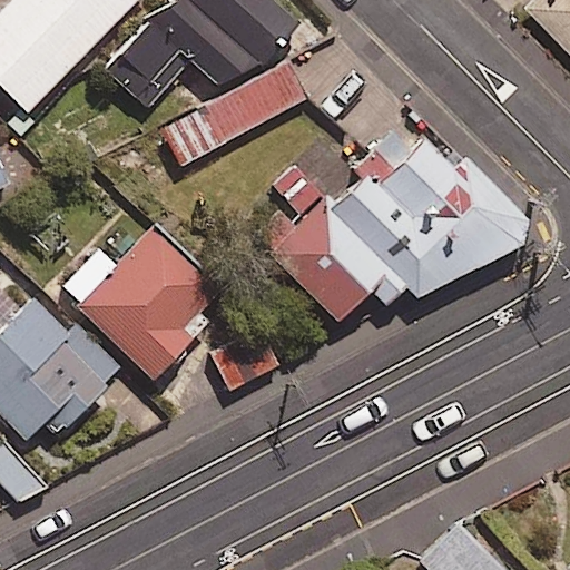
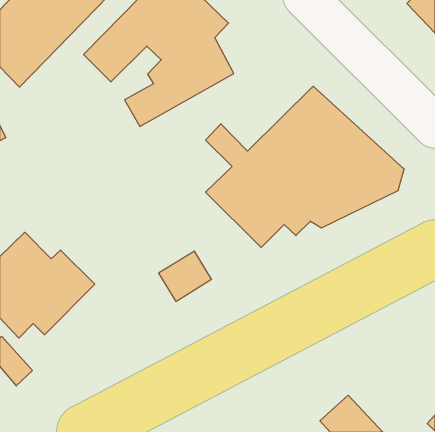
building: [59,230,218,381] -> none

